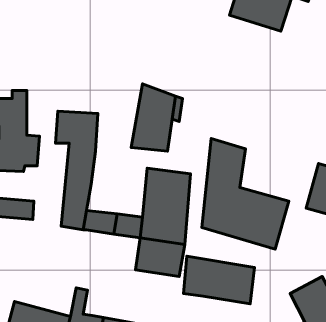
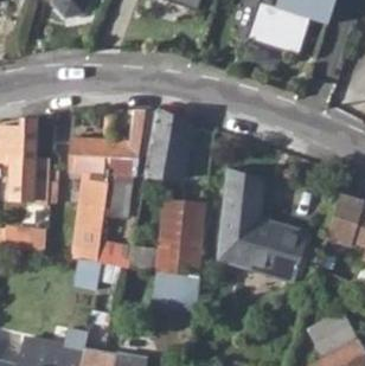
building: none -> [103,109,156,217]
building: [184,256,254,304] -> none

